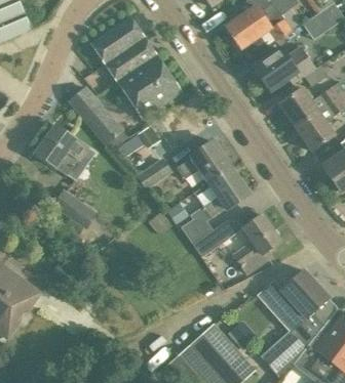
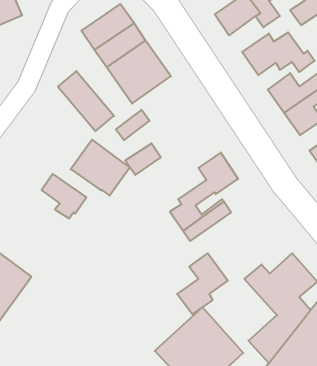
building: [35,124,94,180] -> [71,140,130,196]
building: [176,140,231,182] -> none
building: [230,213,281,274] -> [177,253,228,314]

